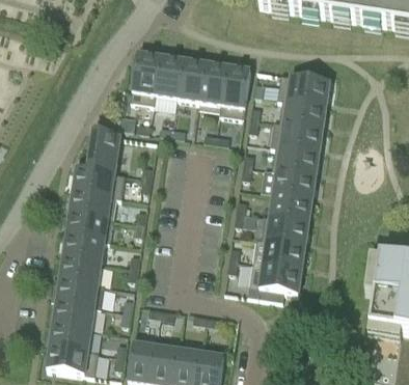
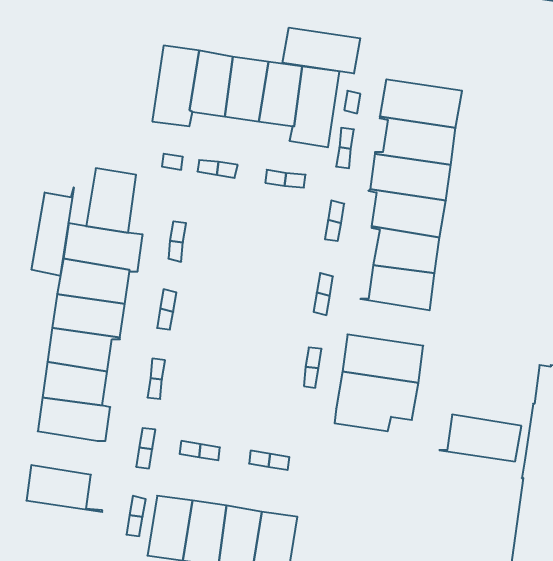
building: none -> [283,28,360,74]
building: none -> [32,187,74,276]
building: [256,214,309,244] -> [439,415,521,461]
building: [53,299,96,327] -> none
building: [47,343,99,374] -> none

